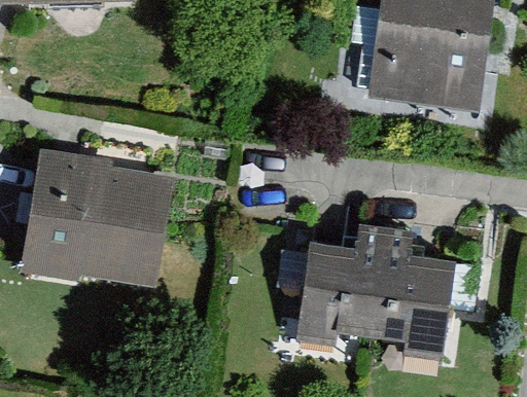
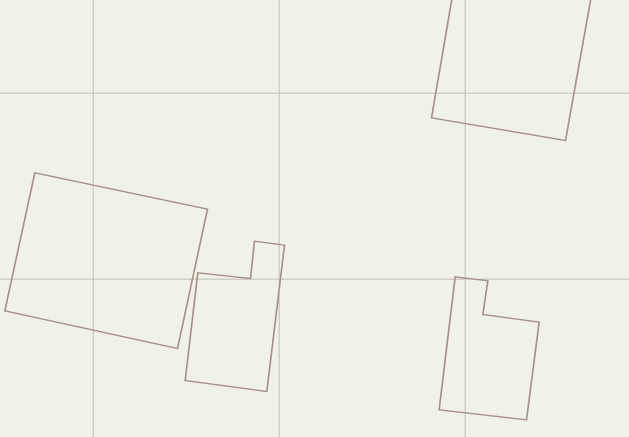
building: none -> [185,241,285,391]
building: [295,231,382,344] -> none

